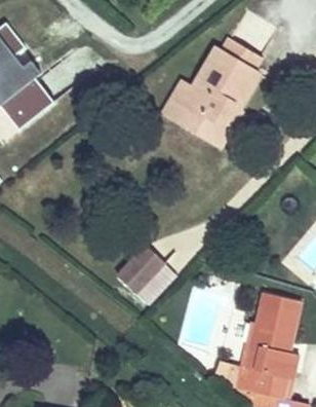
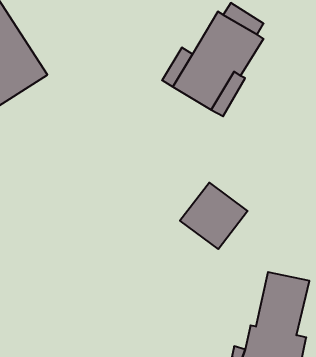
building: [113,245,176,307] -> [180,183,248,249]

